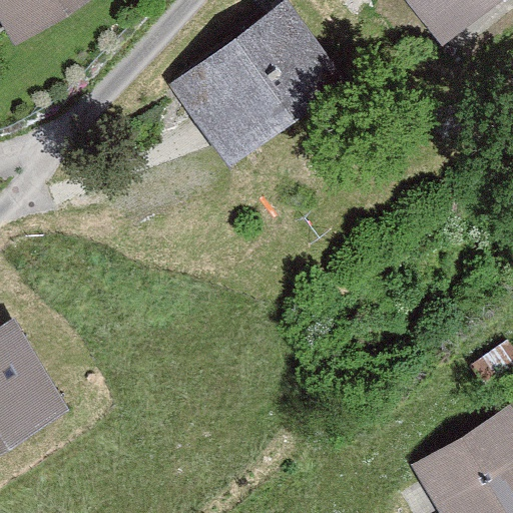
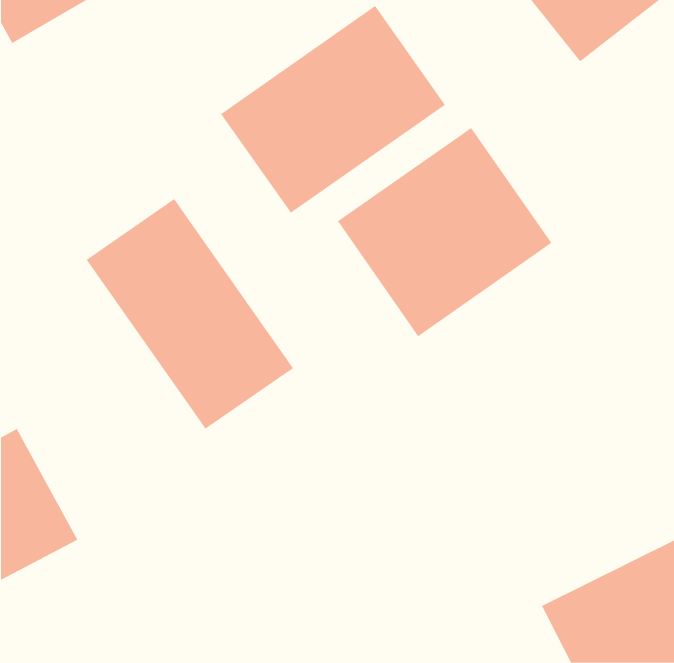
building: none -> [337,127,552,337]
building: none -> [86,198,294,430]

